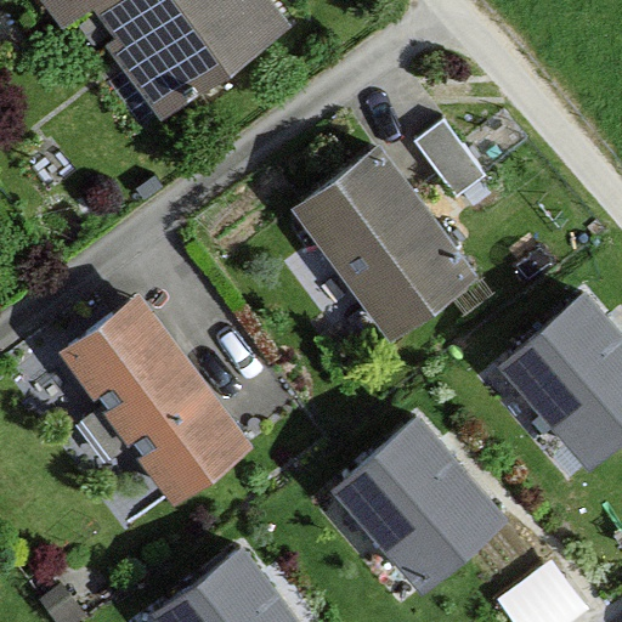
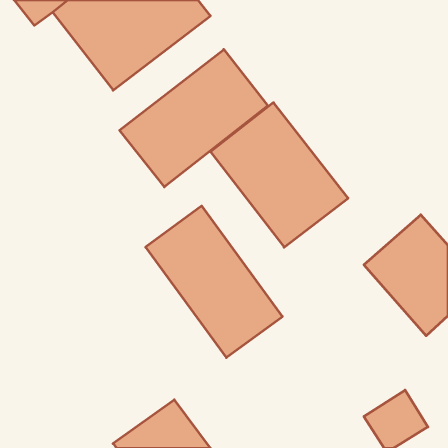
building: none -> [120,49,268,187]
building: [63,296,253,507] -> [146,206,282,358]
building: [338,422,502,588] -> none

